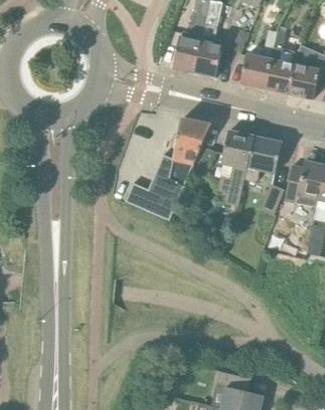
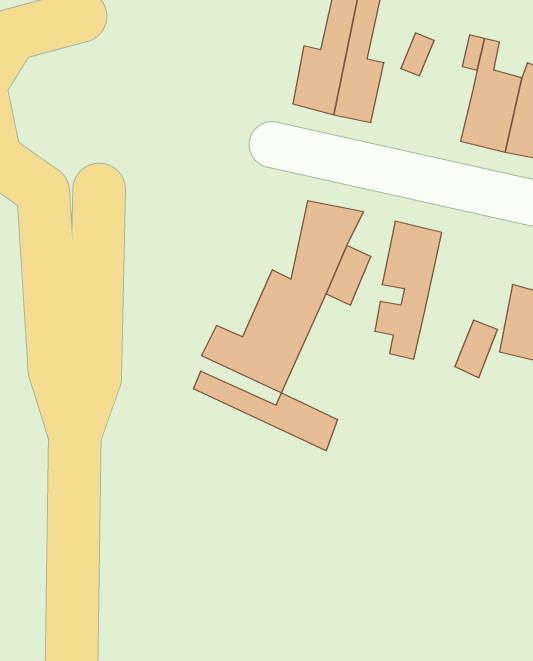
building: [240,52,271,86] -> none
building: [245,136,282,181] -> none
building: none -> [193,371,338,451]

